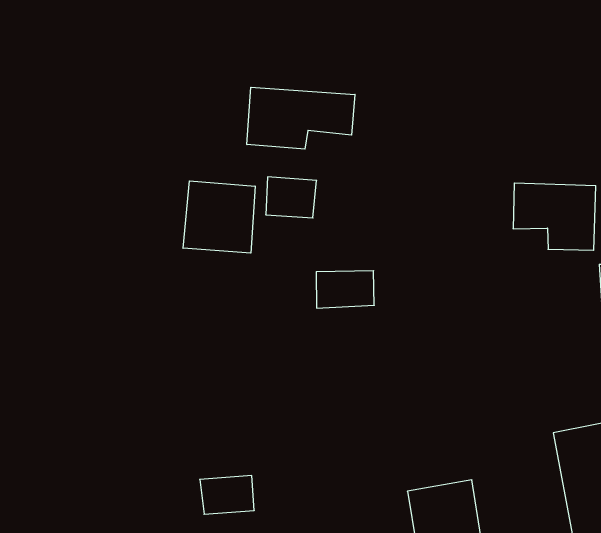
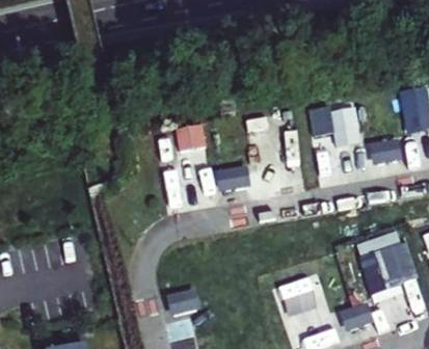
building: [247,87,355,149] -> none
building: [183,181,255,253] -> none

